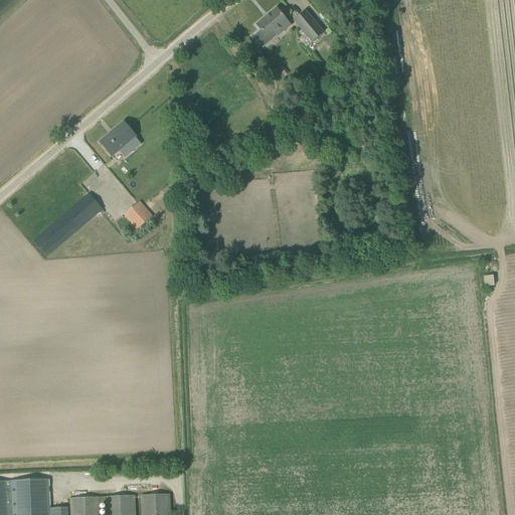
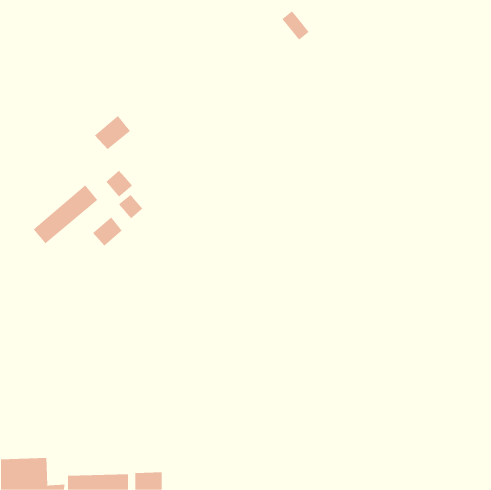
building: [256,8,292,39] -> none
building: none -> [105,170,133,198]
building: none -> [92,217,122,247]

